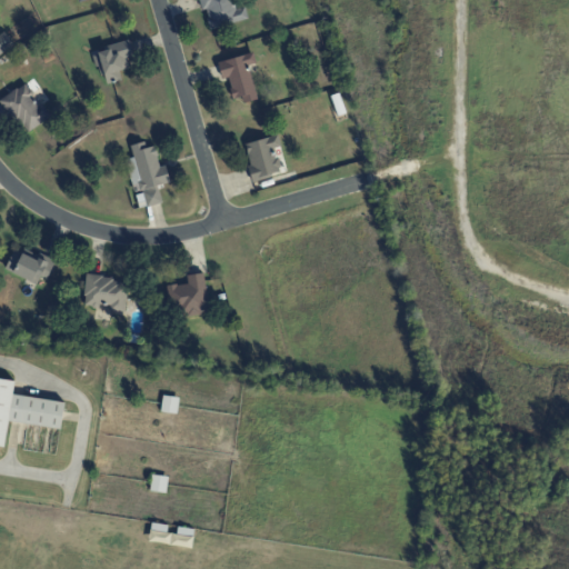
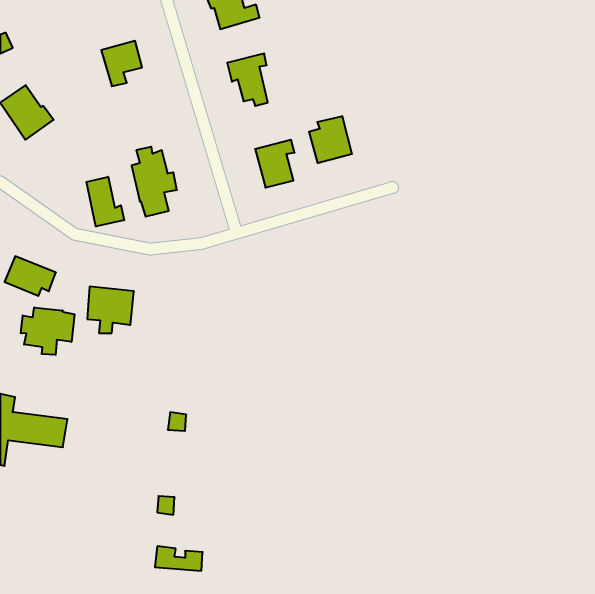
building: none -> [309,116,352,163]
building: none -> [86,177,124,227]
building: [166,271,209,316] -> none
building: none -> [21,307,75,355]

